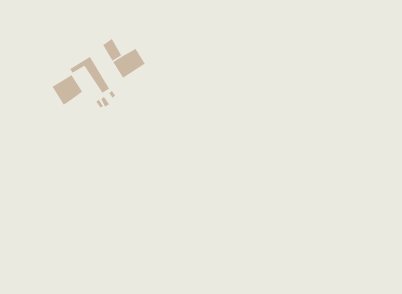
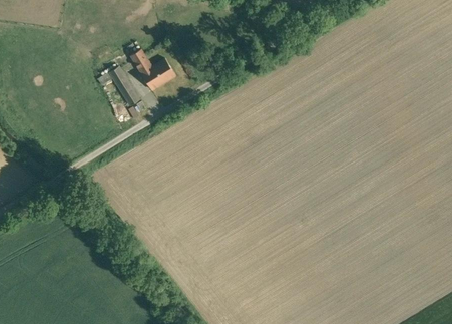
building: [52,74,83,106] -> none

